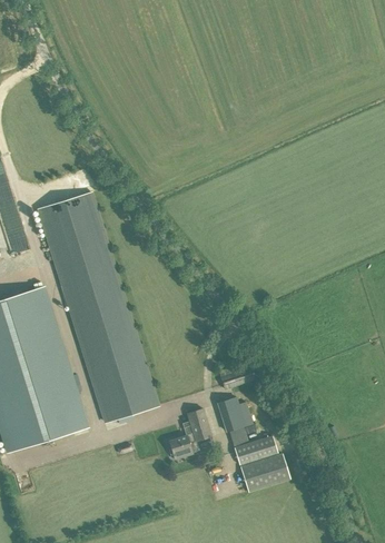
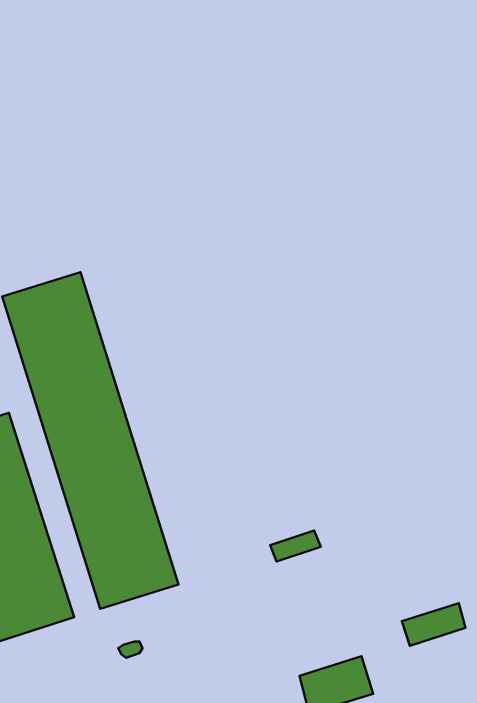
building: [218,397,253,436] -> none
building: [166,408,211,460] -> none
building: [234,436,277,465] -> [402,603,465,646]

